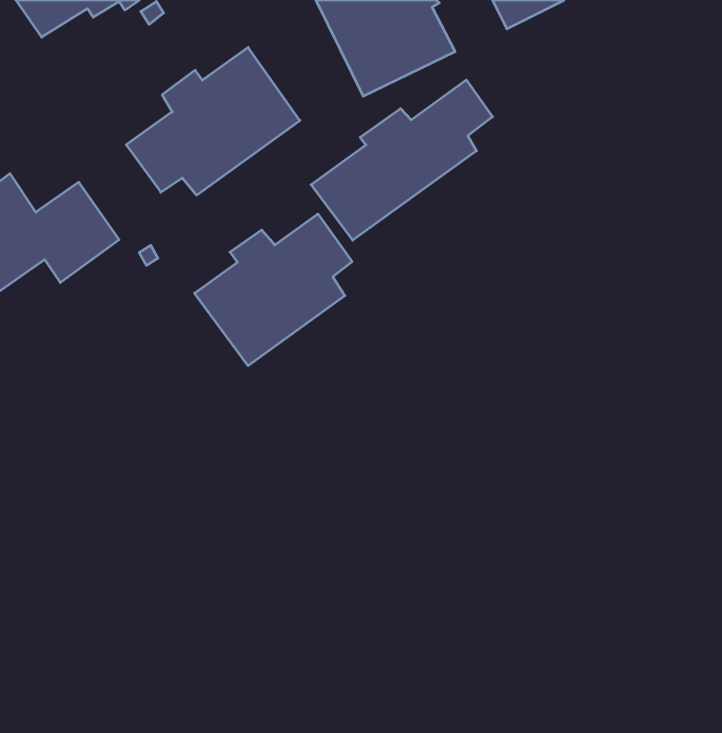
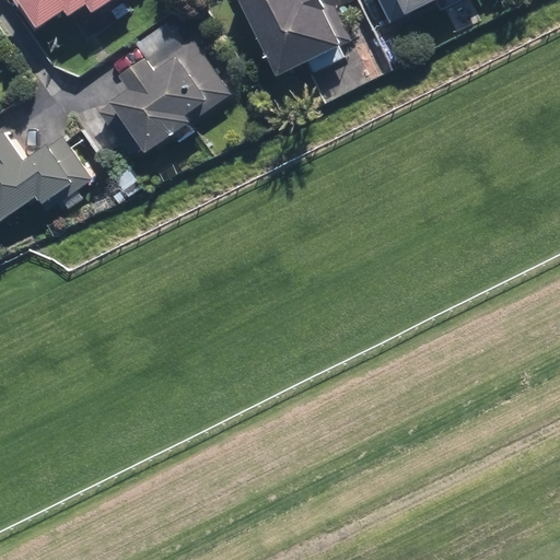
building: [311,80,493,240] -> none
building: [195,214,352,366] -> none

